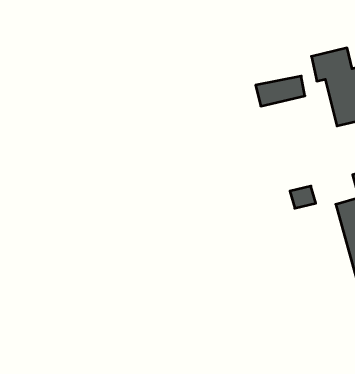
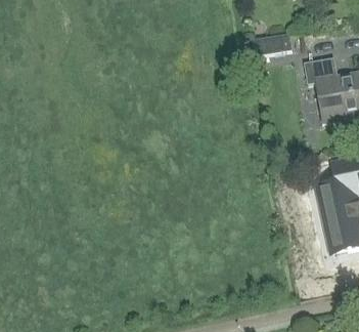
building: [256,76,305,106] -> [252,34,291,56]

